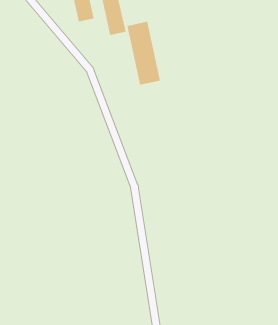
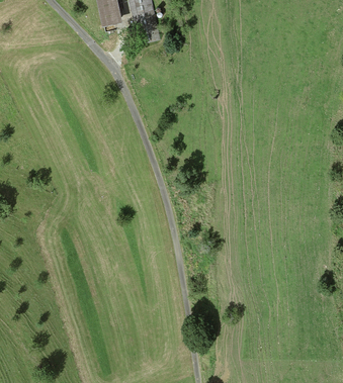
building: [127,21,161,86] -> none

